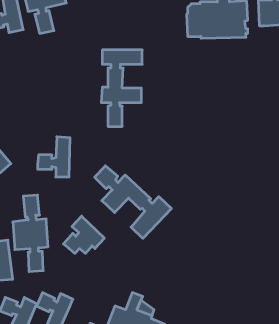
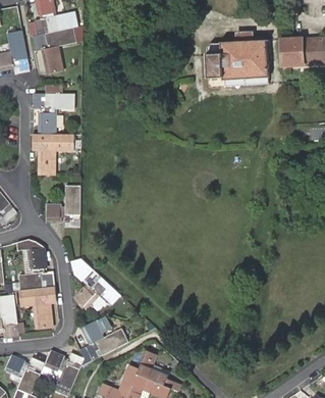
building: [101,50,142,126] -> [33,94,76,176]
building: [95,166,171,238] -> none
building: none -> [83,316,127,360]

